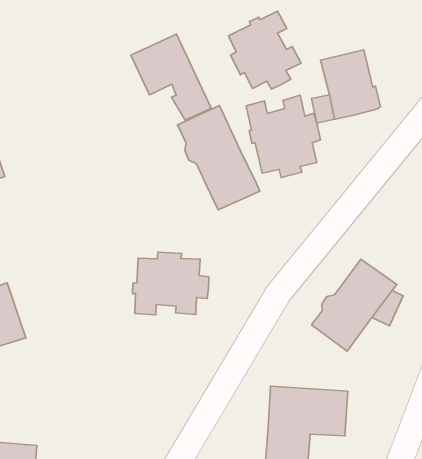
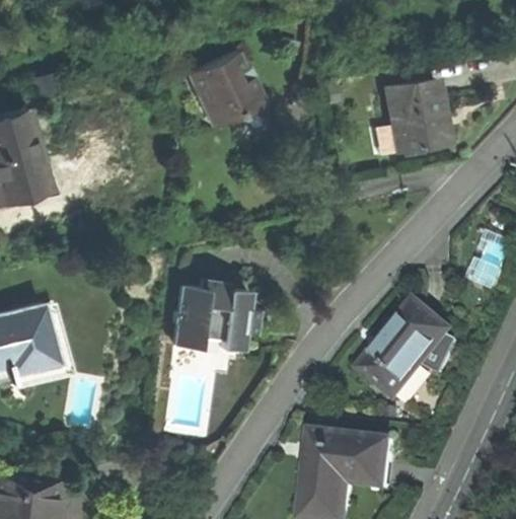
building: [229,11,301,89] -> none
building: [246,95,320,178] -> none
building: [178,105,260,210] -> none

